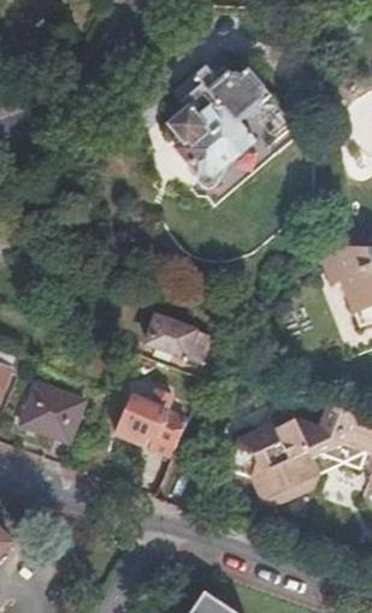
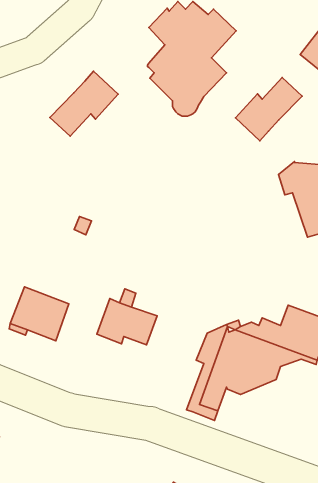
building: none -> [50,71,118,136]
building: none -> [236,78,302,141]
building: [150,317,214,364] -> none

